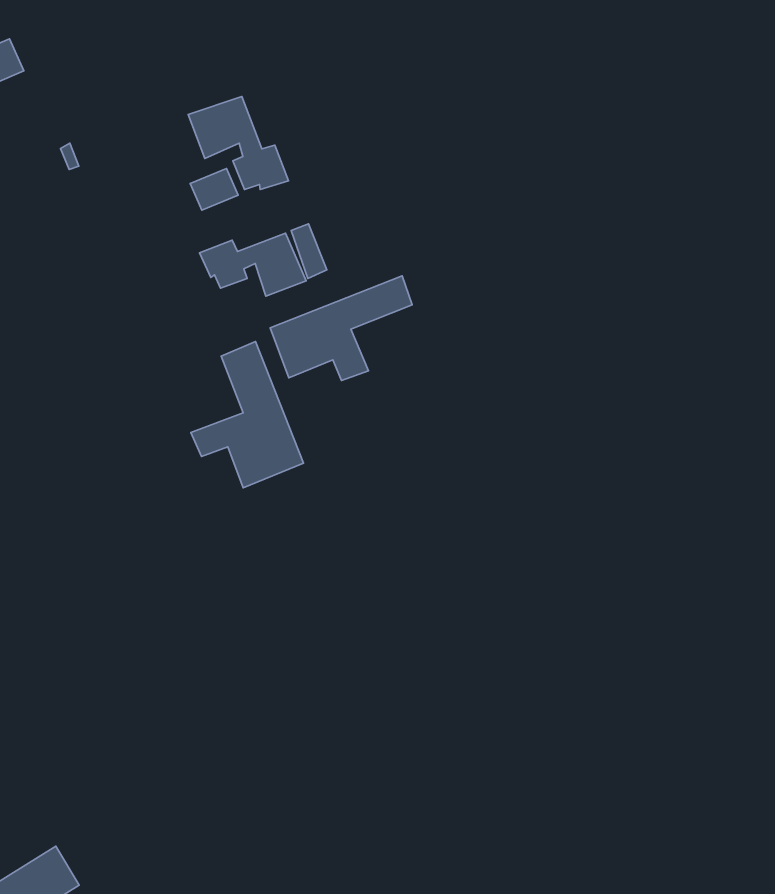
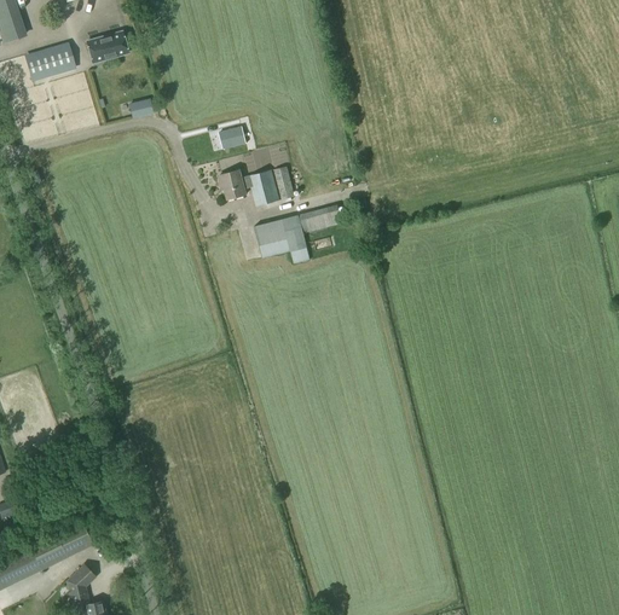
building: [188,97,289,190] -> none
building: [191,341,304,488] -> none

